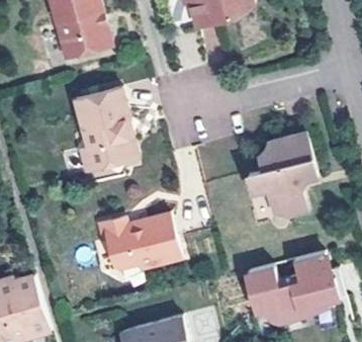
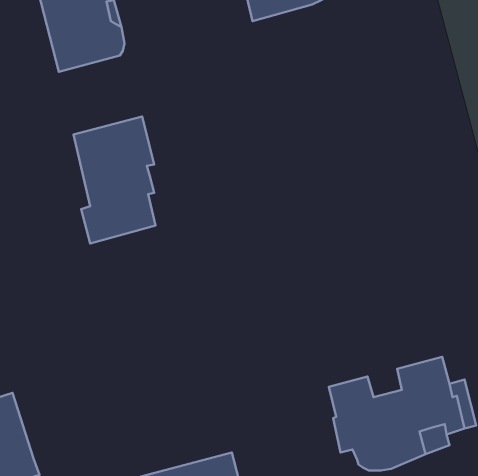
building: [249,132,316,215] -> none
building: [97,210,181,268] -> none

